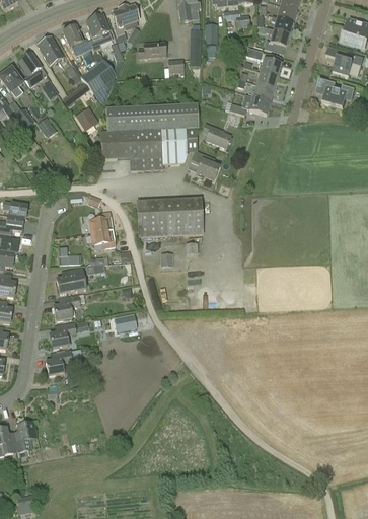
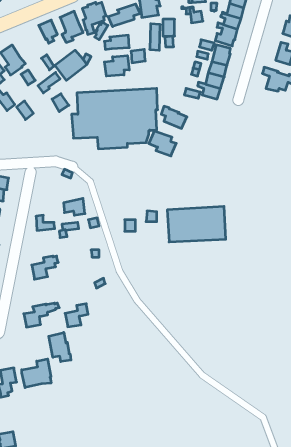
building: none -> [108,4,140,27]
building: [38,35,63,65] -> none
building: none -> [104,56,129,76]
building: [136,197,203,237] -> [167,206,226,242]
building: [87,211,113,233] -> none
building: [56,268,84,293] -> none
building: [50,321,76,348] -> [65,304,88,327]
building: none -> [49,332,71,362]
building: none -> [22,359,51,388]

